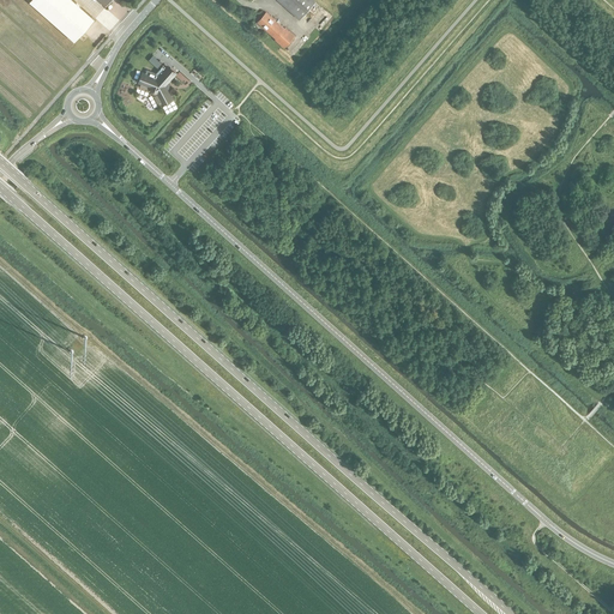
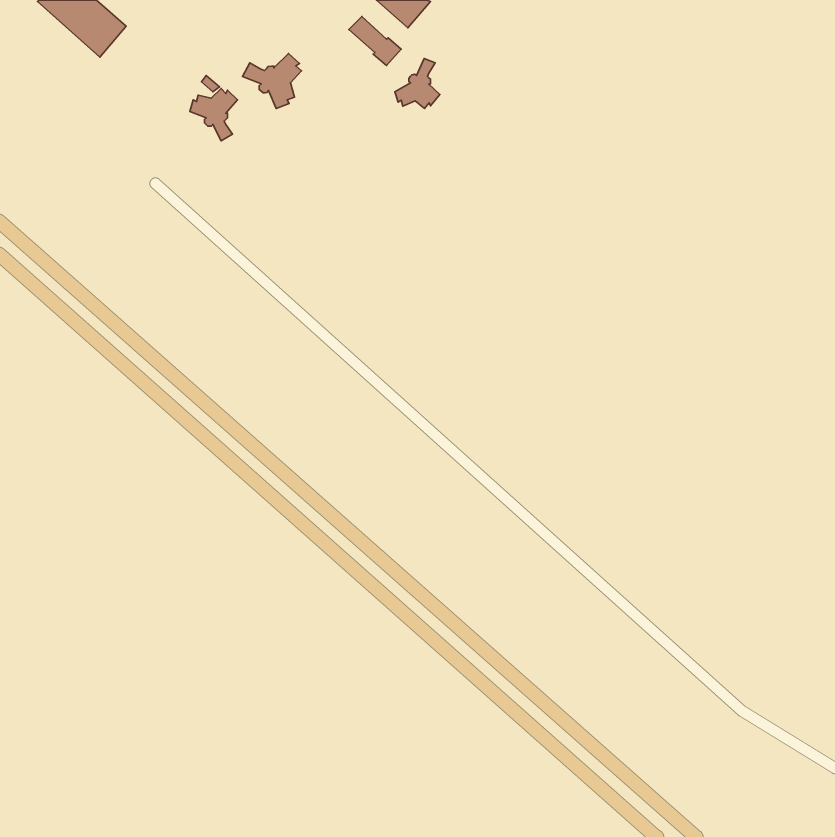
building: none -> [243,54,302,108]
building: none -> [395,58,440,108]

